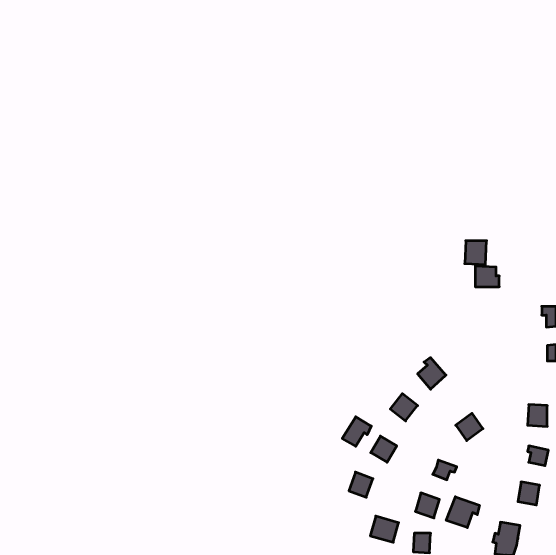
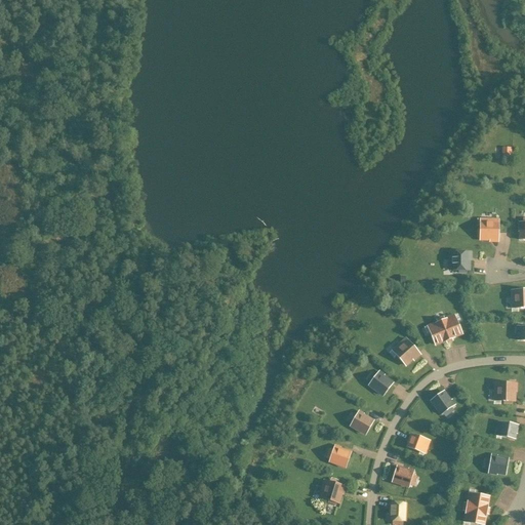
building: [465,241,487,265] -> [478,217,498,240]
building: none -> [427,316,462,345]
building: [342,417,371,446] -> none
building: [446,497,479,528] -> none
building: [370,516,399,542] -> [318,478,345,502]

